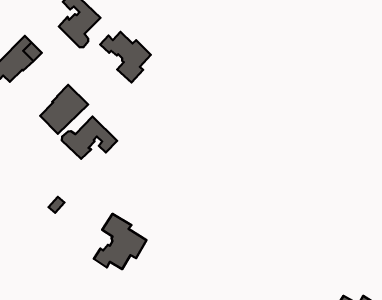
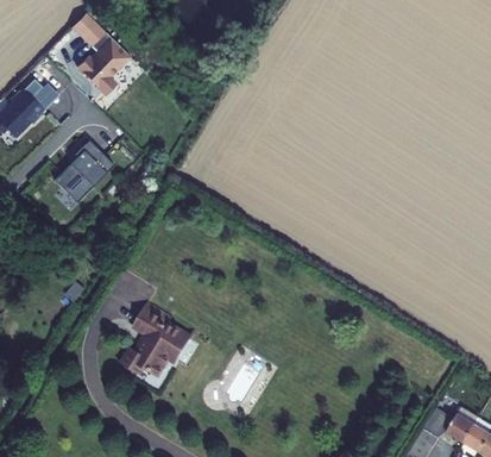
building: [100,32,151,82] -> none
building: [62,117,117,159] -> none

